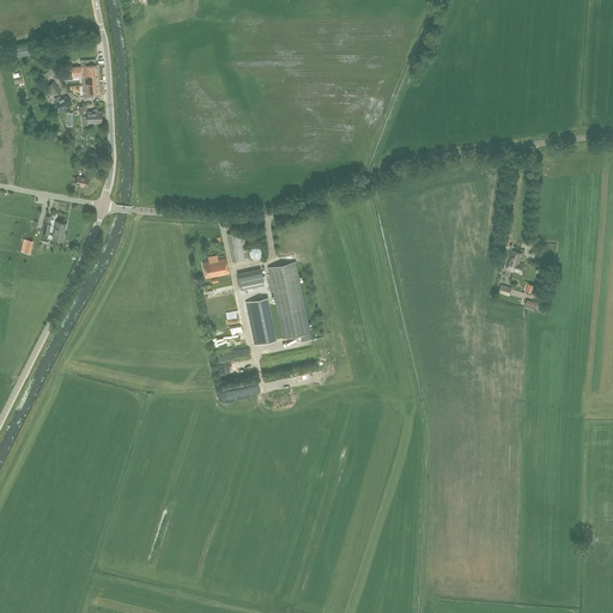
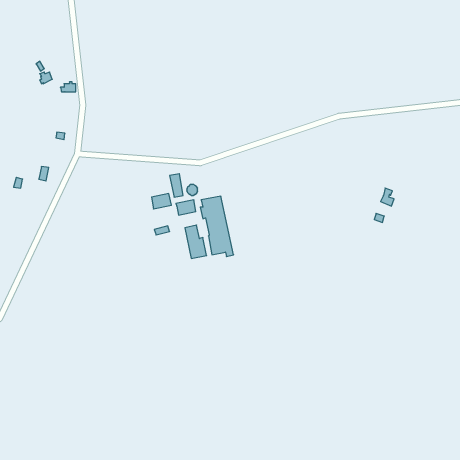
building: [71,59,98,97] -> none

